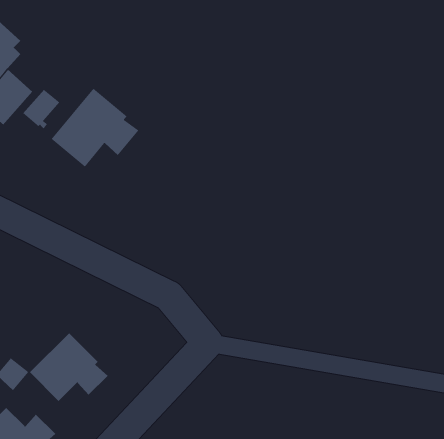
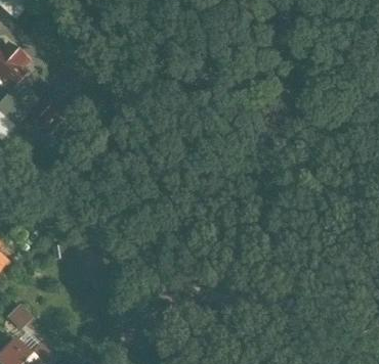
building: [51,88,139,167] -> none
building: [29,332,109,402] -> none

